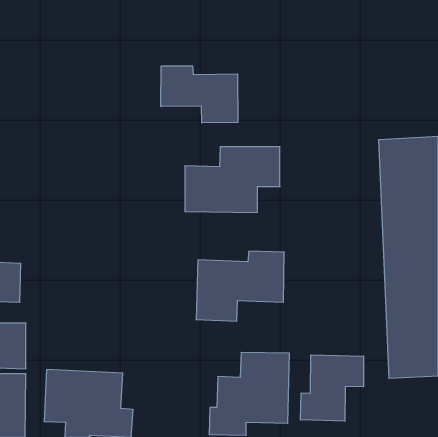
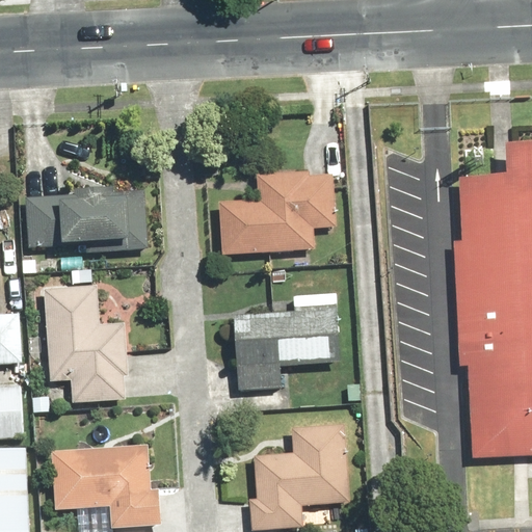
building: [161,66,238,123] -> none
building: none -> [24,180,151,249]
building: none -> [45,282,128,400]
building: [301,355,364,421] -> none

